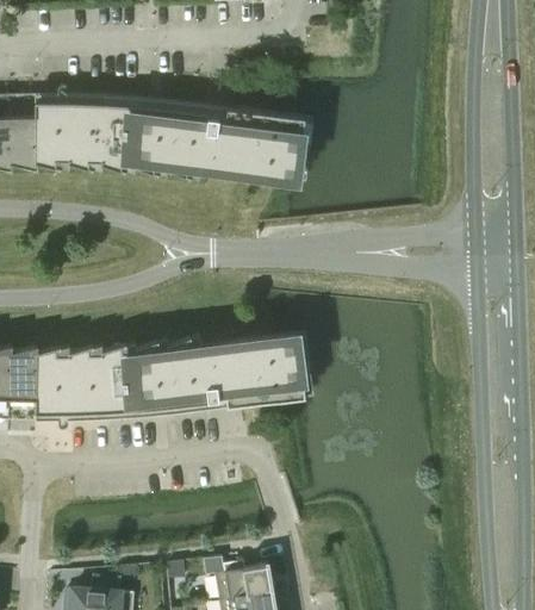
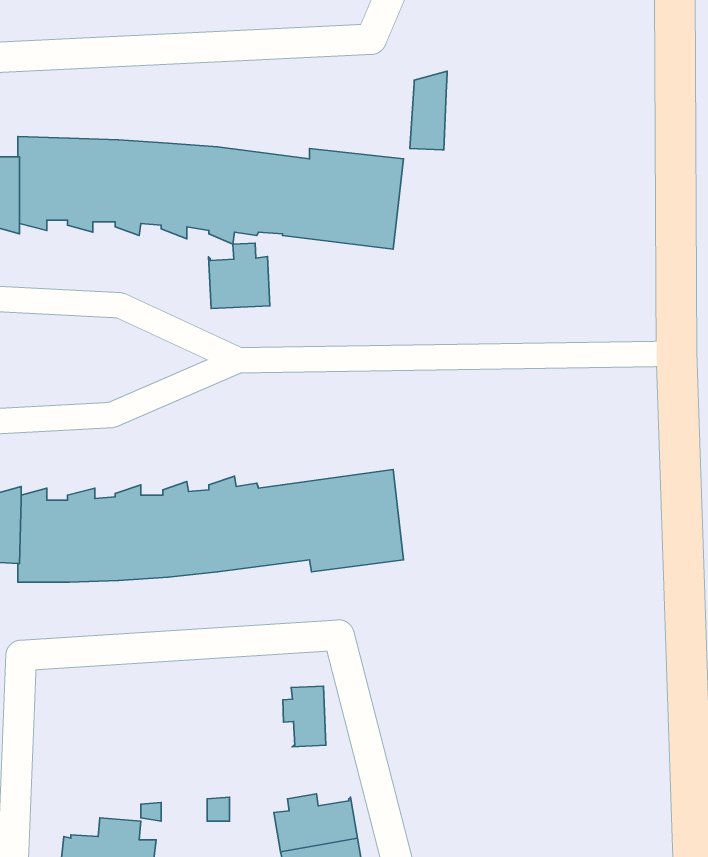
building: none -> [410,71,447,150]
building: none -> [209,243,270,308]
building: none -> [283,686,326,747]

